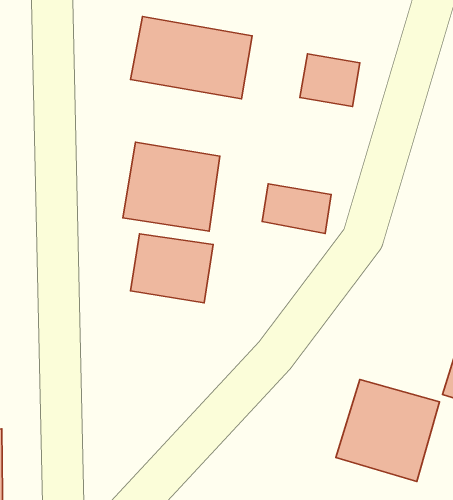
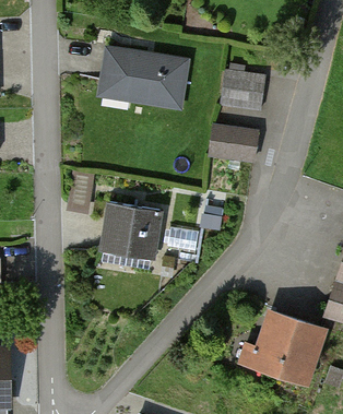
building: [123,142,220,231] -> none
building: [262,184,331,233] -> [208,130,258,166]

